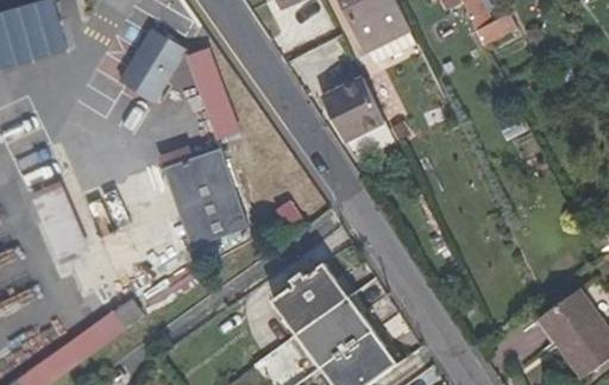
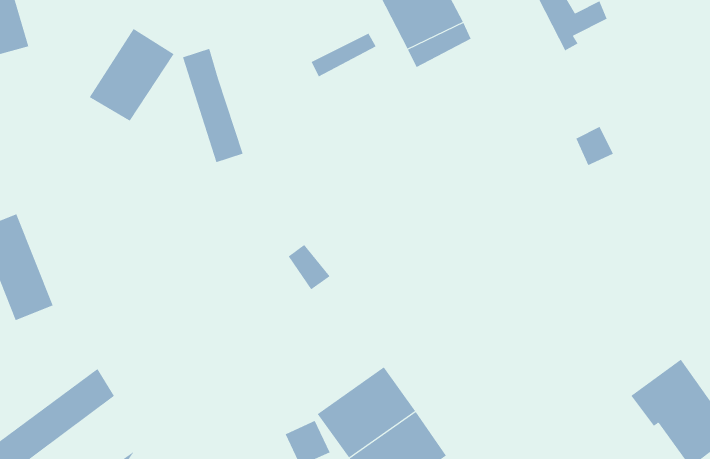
building: [324,77,384,140] -> none
building: [161,147,247,247] -> none
building: [271,260,347,332] -> none

